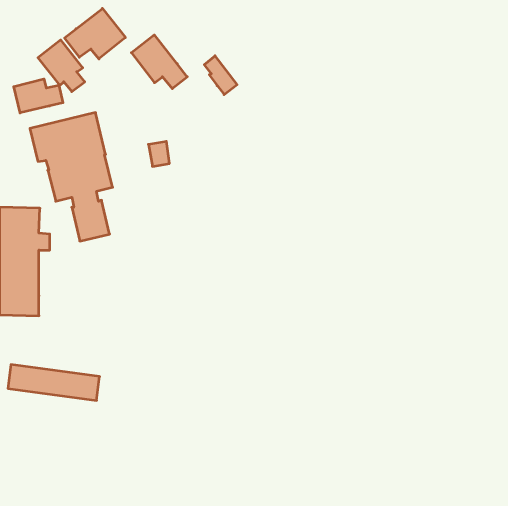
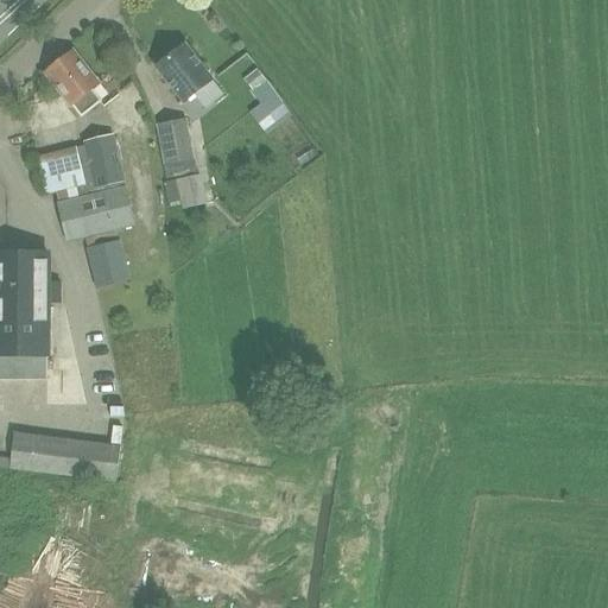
building: [65,8,125,59] -> none
building: [14,79,63,113] -> none
building: none -> [158,119,194,160]

